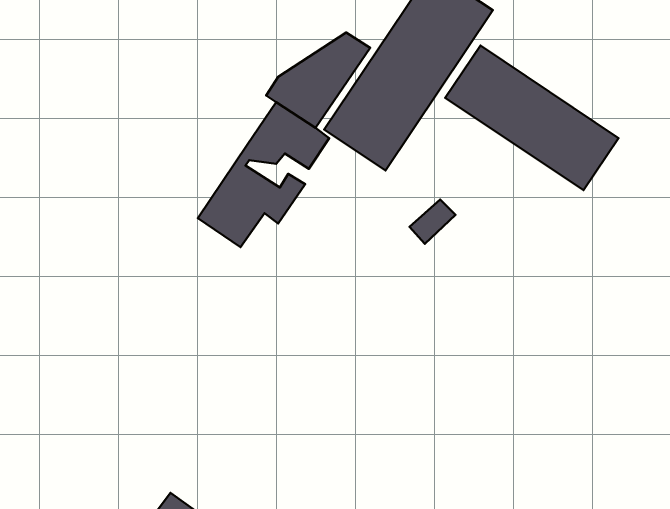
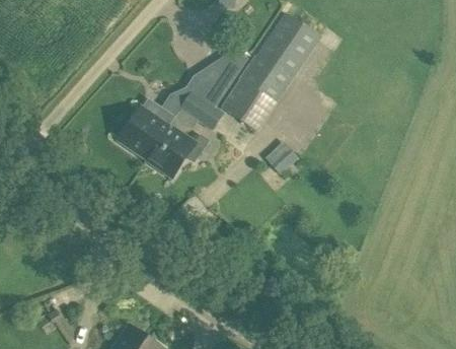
building: [445,46,619,190] -> none
building: none -> [115,97,174,159]

